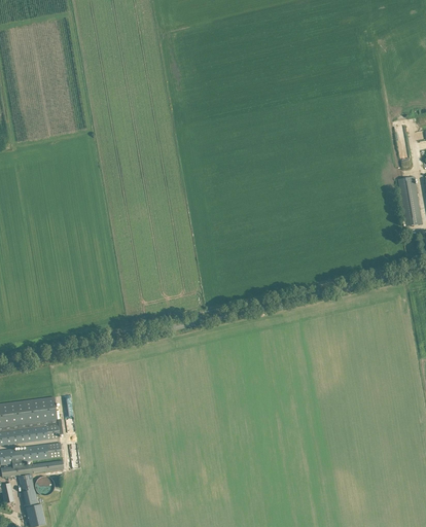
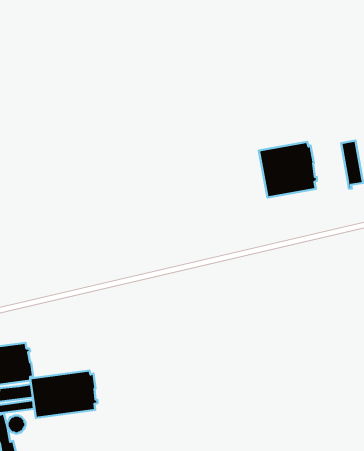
building: none -> [259,142,317,198]
building: none -> [30,371,98,418]

